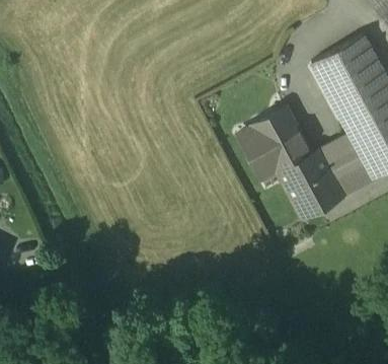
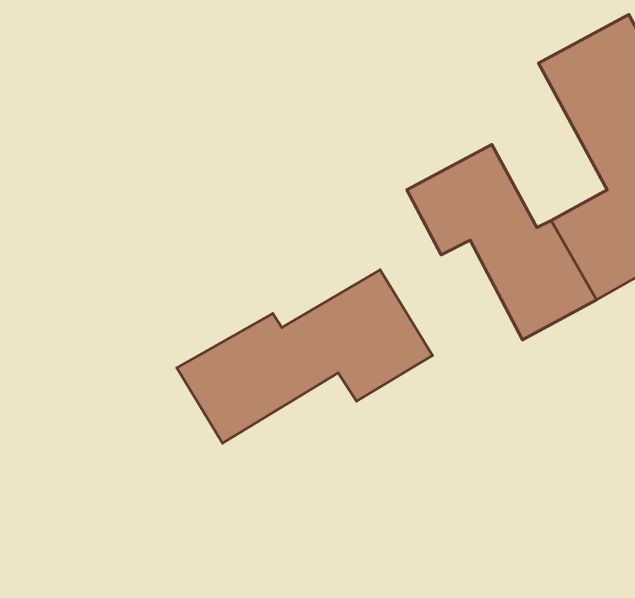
building: none -> [177,270,432,443]

